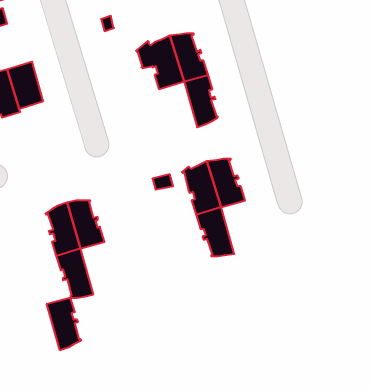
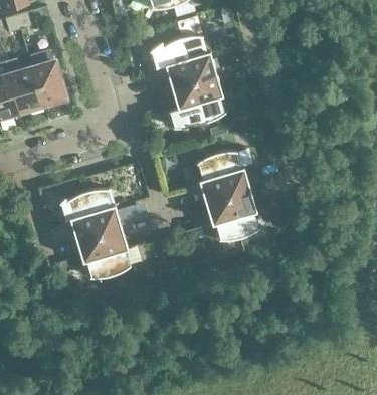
building: none -> [169,79,206,128]
building: none -> [228,189,259,238]
building: [47,298,81,350] -> [99,227,131,275]

